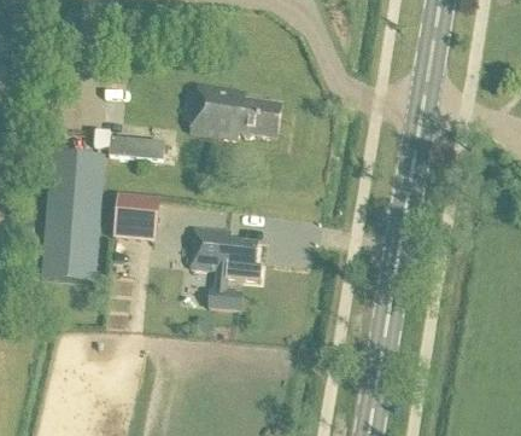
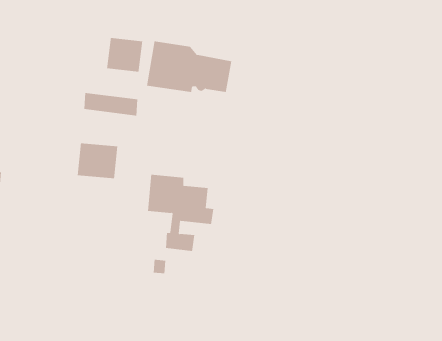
building: none -> [106,37,143,72]
building: [45,153,103,279] -> none

